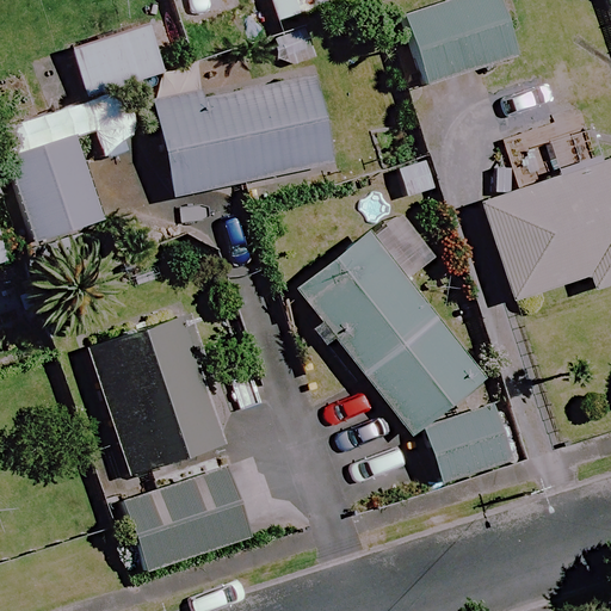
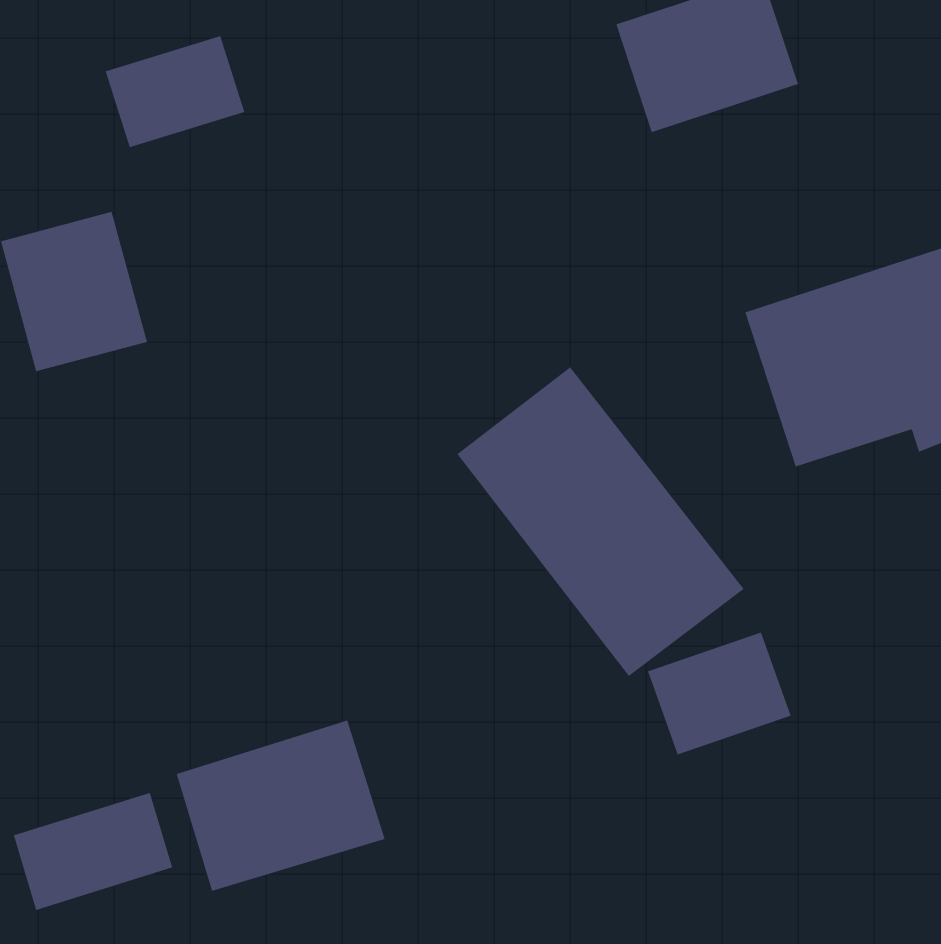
building: [158,69,335,195] -> none
building: [92,321,228,473] -> none
building: none -> [13,792,173,911]

